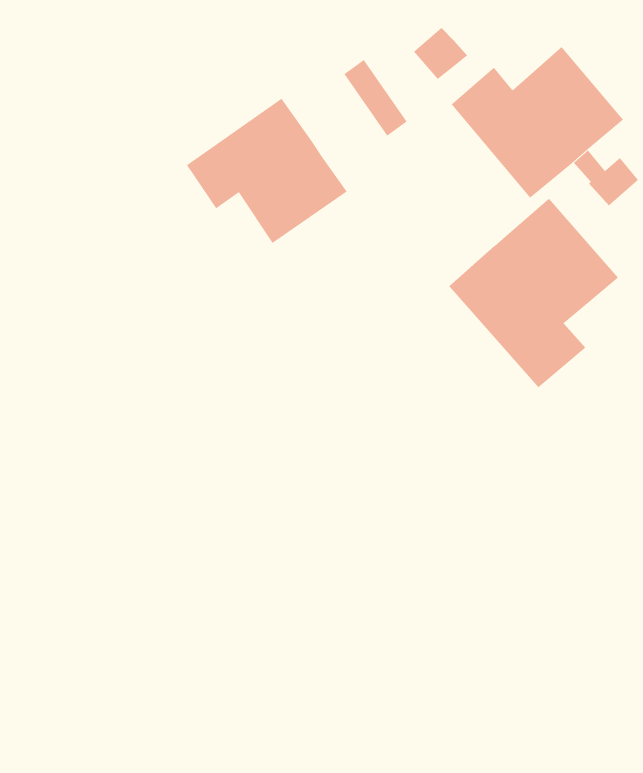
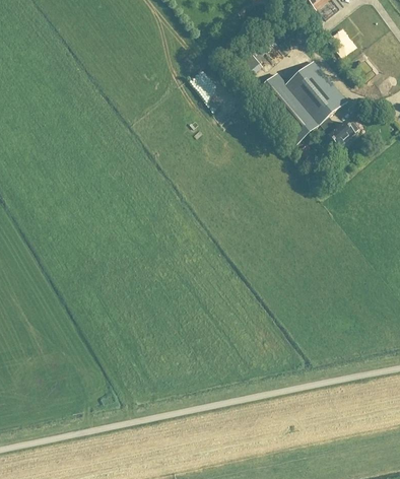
building: [186,98,347,244] -> none
building: [449,198,619,388] -> none

